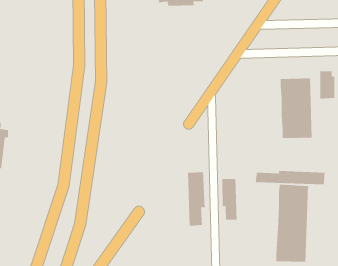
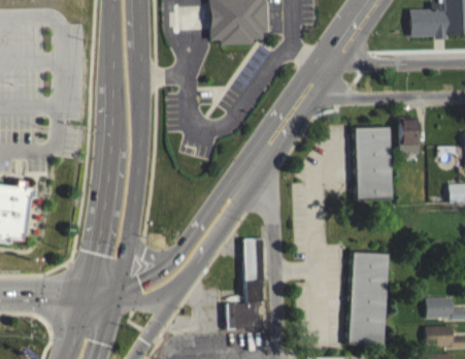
building: [255,170,325,185] -> none
building: [221,178,238,221] -> none
building: none -> [227,301,260,328]

